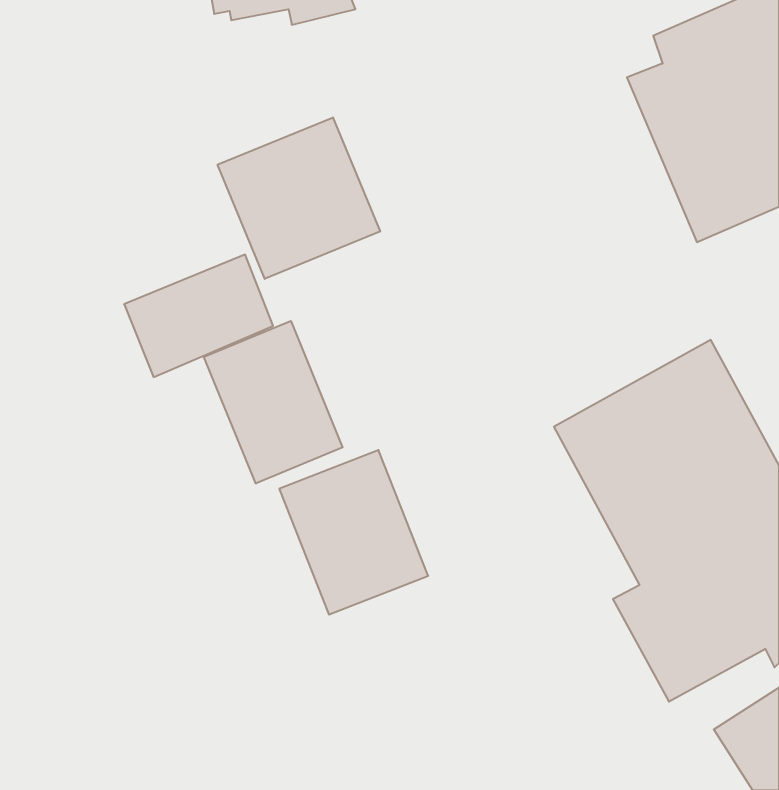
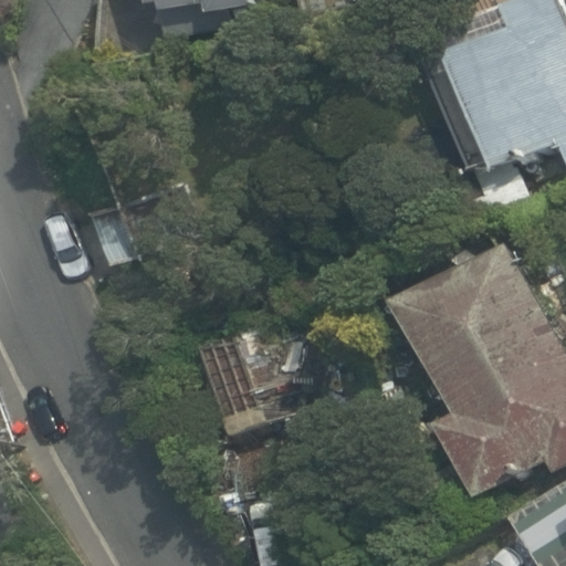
building: [218,117,380,279] -> none
building: [204,321,343,484] -> none

